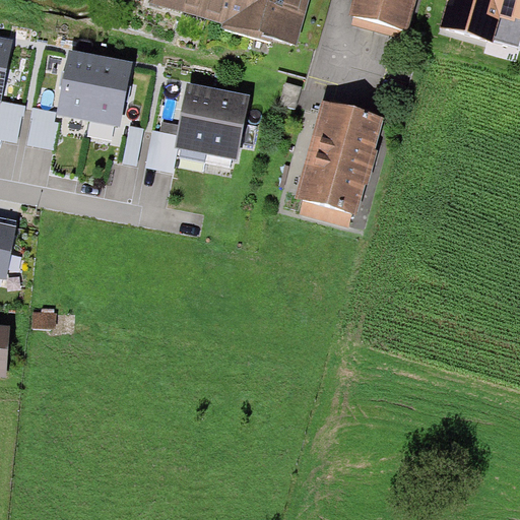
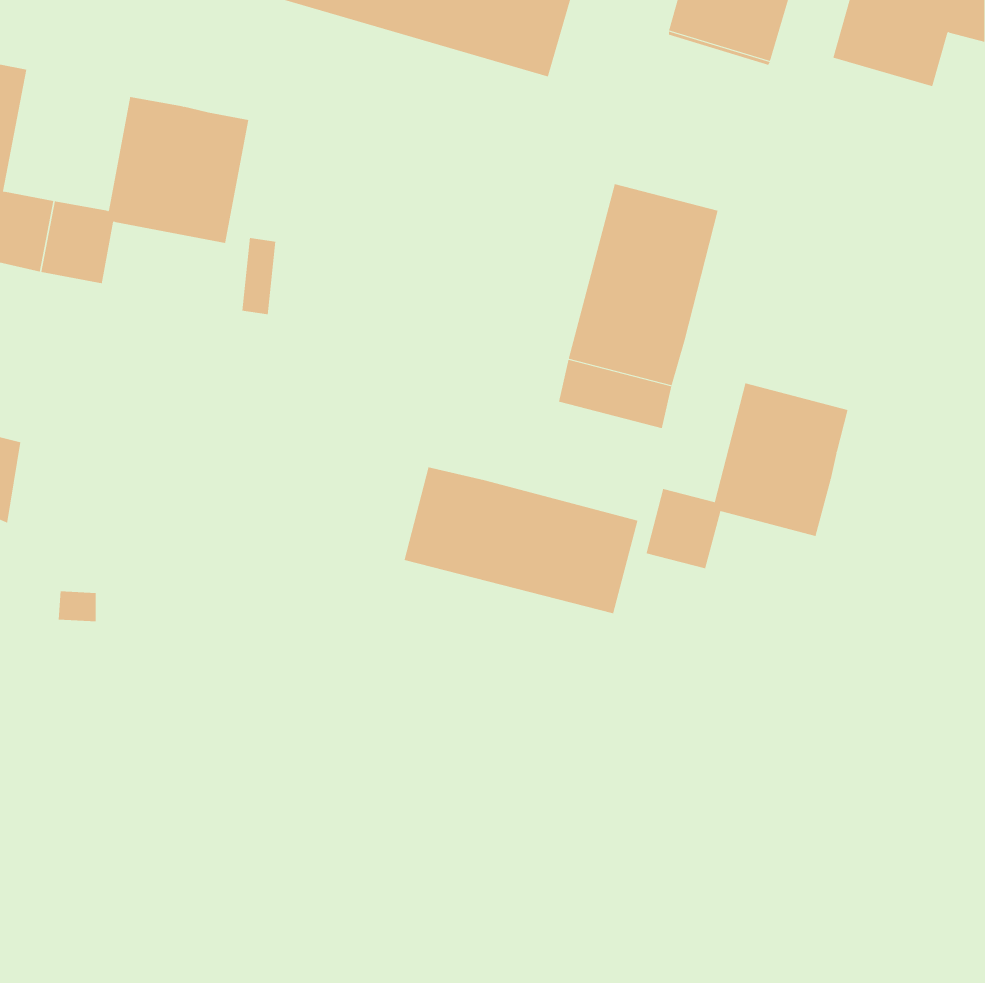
building: [145,86,249,170] -> none
building: none -> [646,383,848,569]
building: none -> [404,466,638,614]

